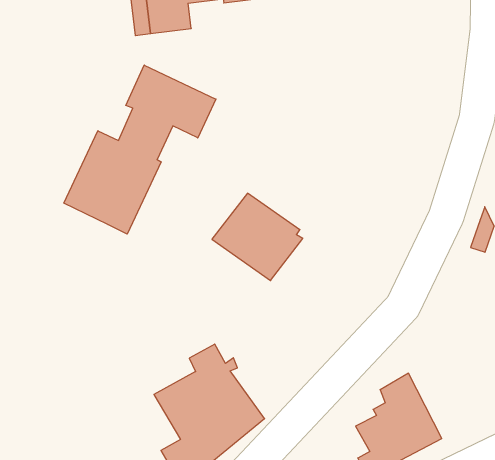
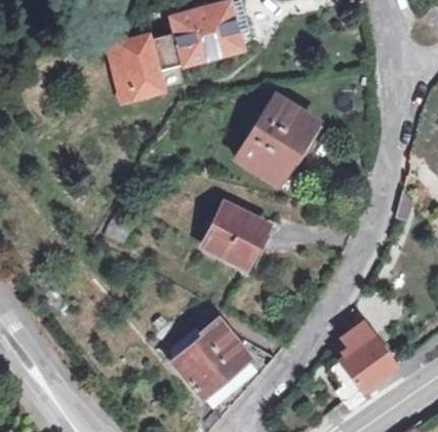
building: none -> [233,96,320,179]
building: [64,65,216,234] -> none

